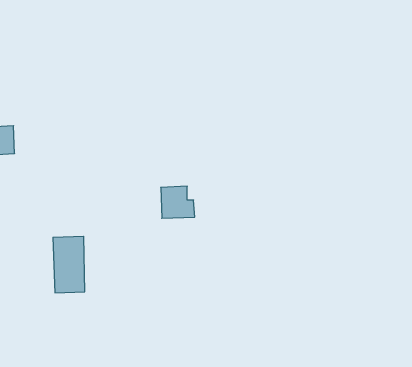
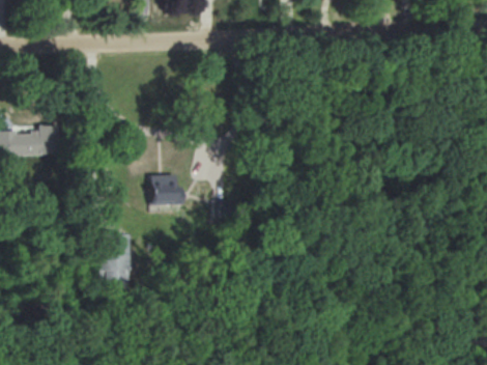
building: [161,186,195,218] -> [151,173,184,204]

